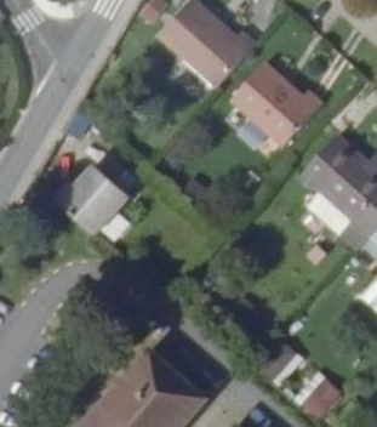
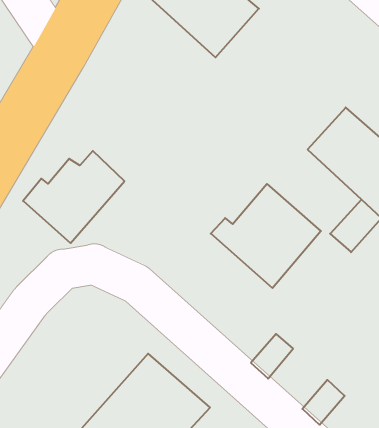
building: [224,56,318,141] -> none
building: none -> [211,184,321,288]

